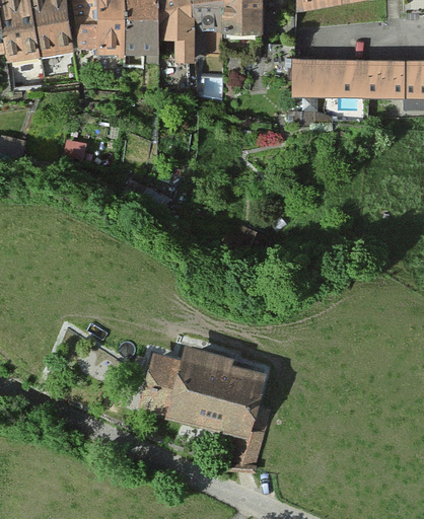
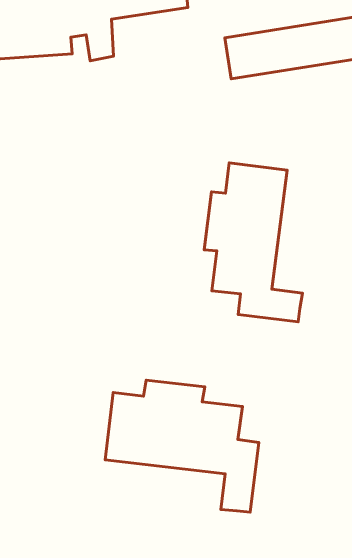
building: none -> [204,163,302,322]

